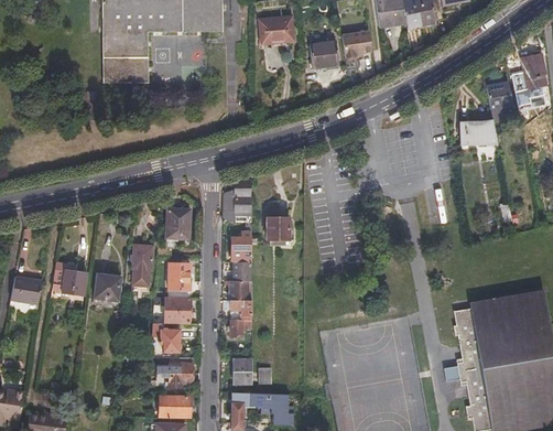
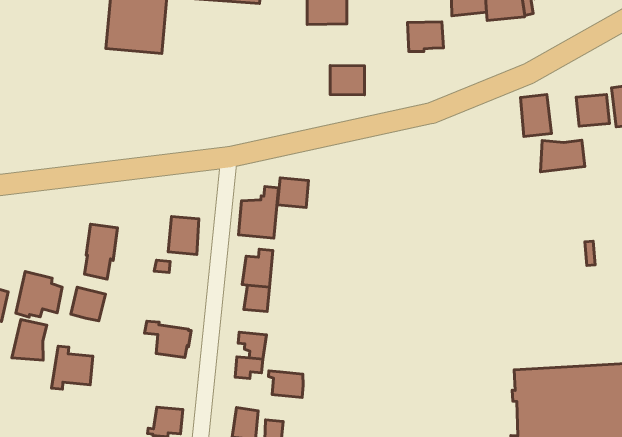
building: [310,42,339,67] -> [330,66,365,95]
building: none -> [521,94,552,137]
building: [267,216,290,238] -> [278,178,309,208]
building: [131,244,154,287] -> [84,224,118,279]
building: [169,262,189,290] -> none
building: [224,279,252,298] -> [268,371,303,397]
building: none -> [12,319,47,360]
building: [151,323,182,357] -> [51,346,93,389]

